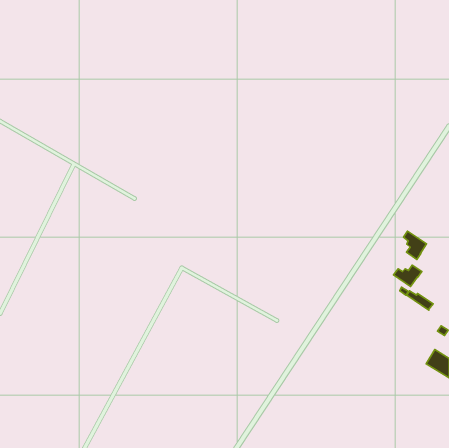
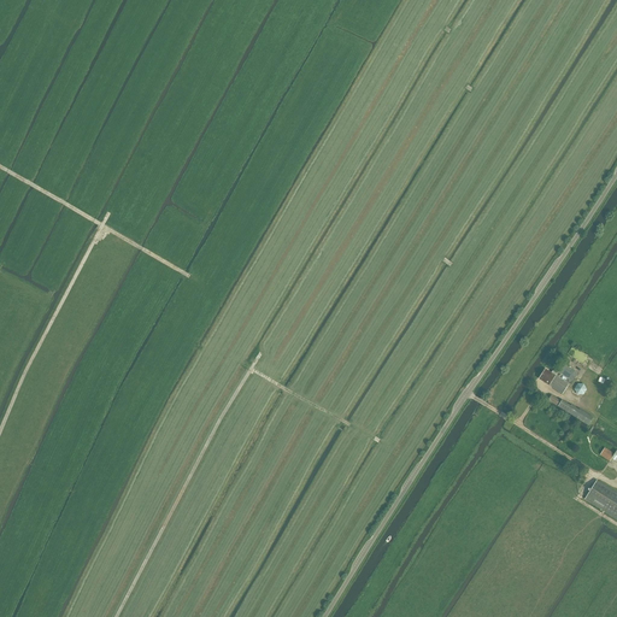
building: [404,231,426,260] -> none

